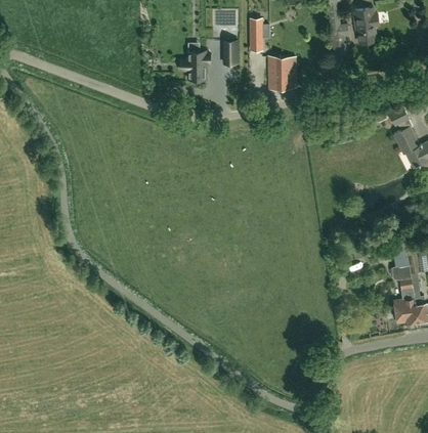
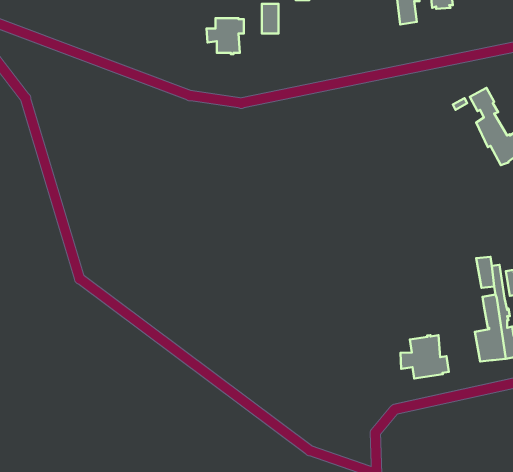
building: [268,57,296,89] -> none
building: none -> [401,335,449,379]

